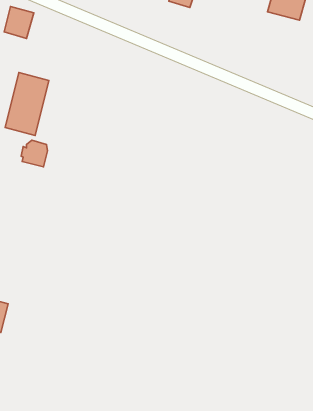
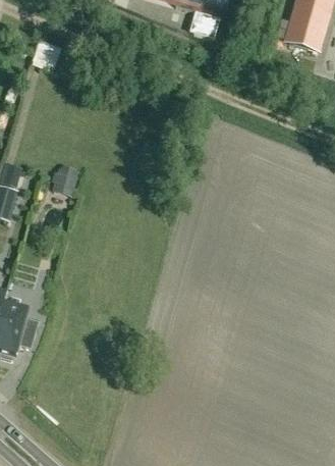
building: [5,73,49,135] -> none

